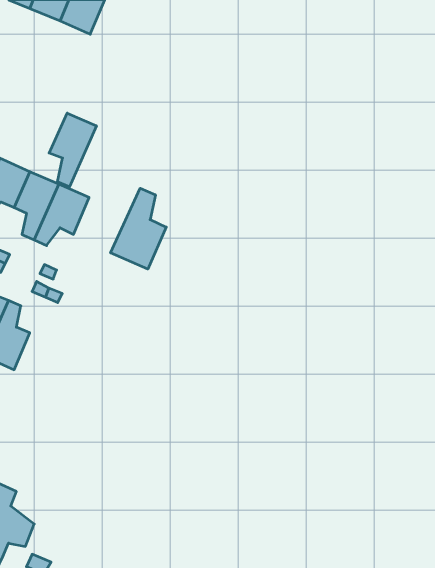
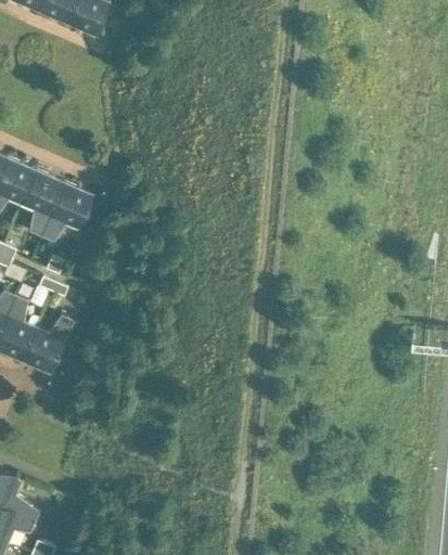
building: [49,113,96,187] -> none
building: [111,188,166,269] -> none
building: none -> [21,314,73,374]

